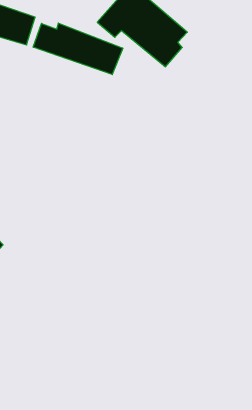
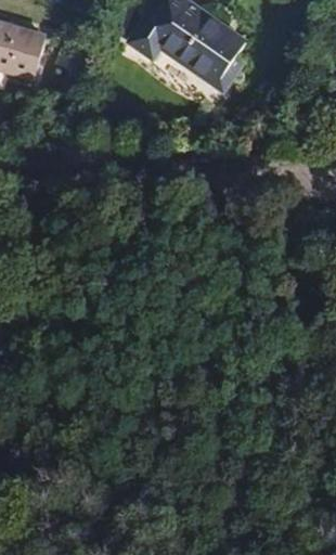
building: [33,23,123,75] -> none

